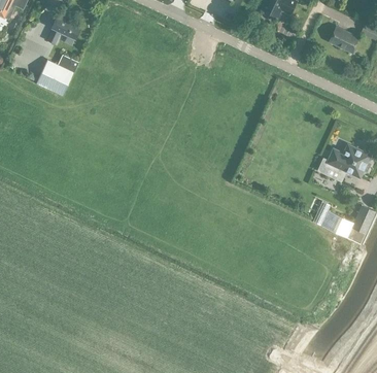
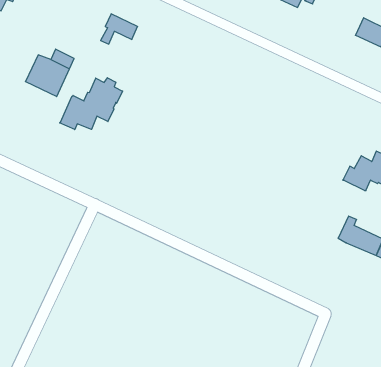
building: [46,15,79,42] -> [101,14,138,44]
building: none -> [60,78,123,130]

